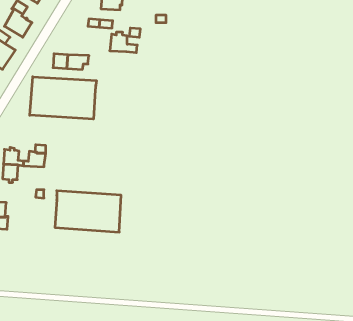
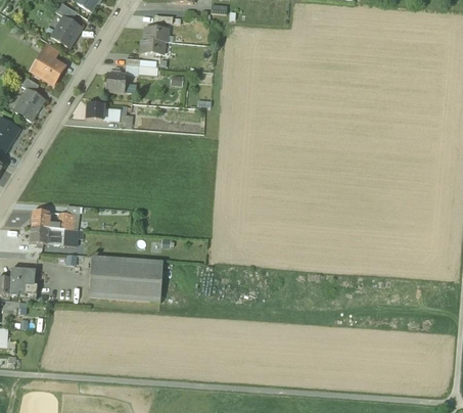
building: [110,32,137,53] -> [105,70,136,92]
building: [30,77,96,119] -> none
building: none -> [47,226,77,244]

